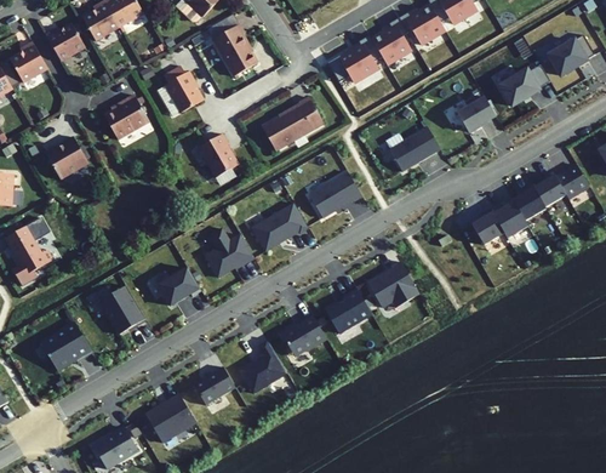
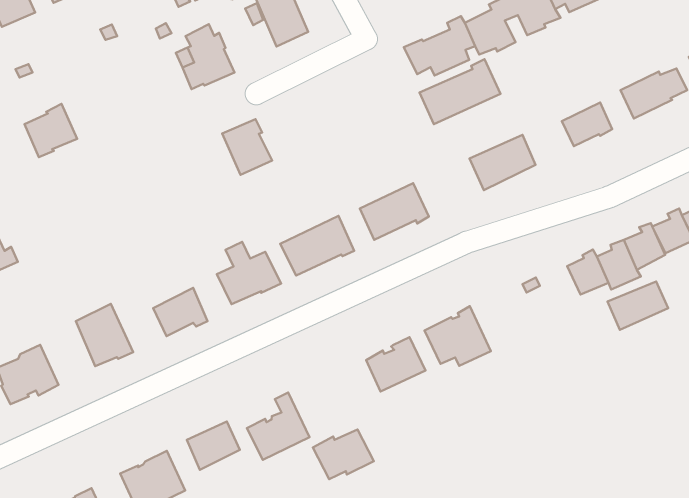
building: [103,93,149,138] -> none
building: [262,96,324,149] -> [419,59,500,124]
building: none -> [608,281,668,330]
building: [280,315,327,355] -> [313,429,374,479]

